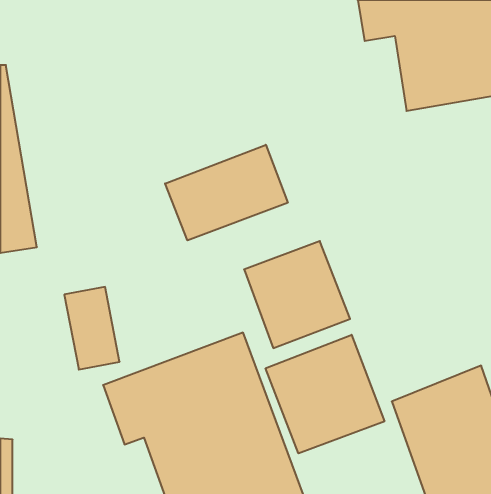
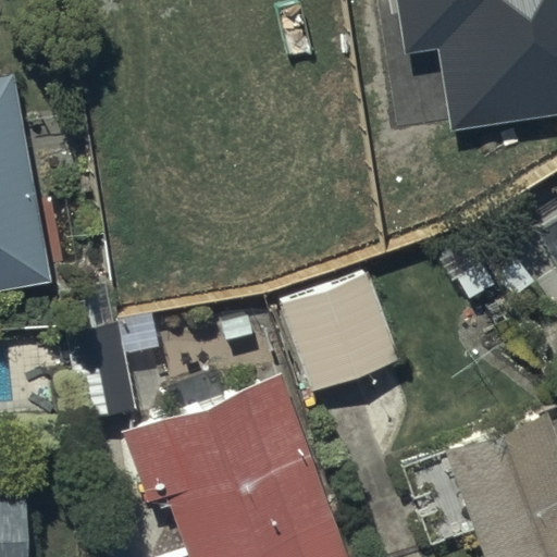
building: [165,145,288,240] -> none
building: [266,335,384,453] -> none

